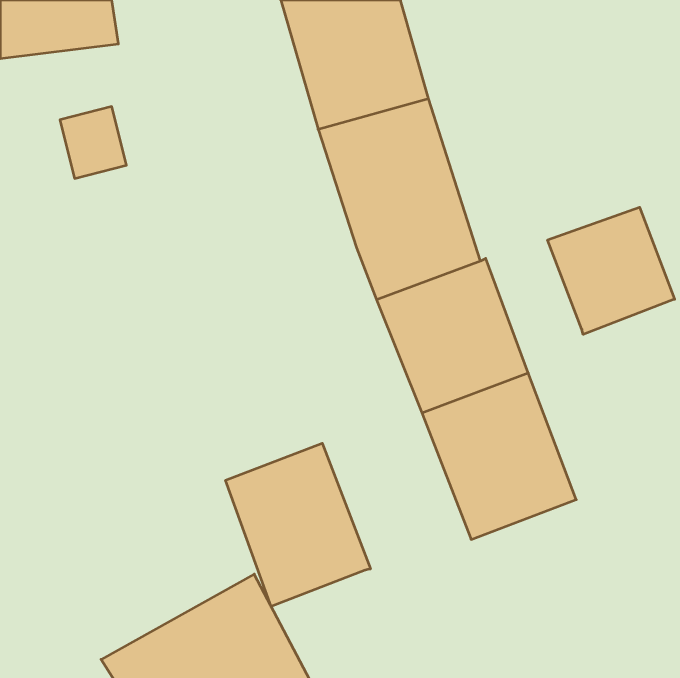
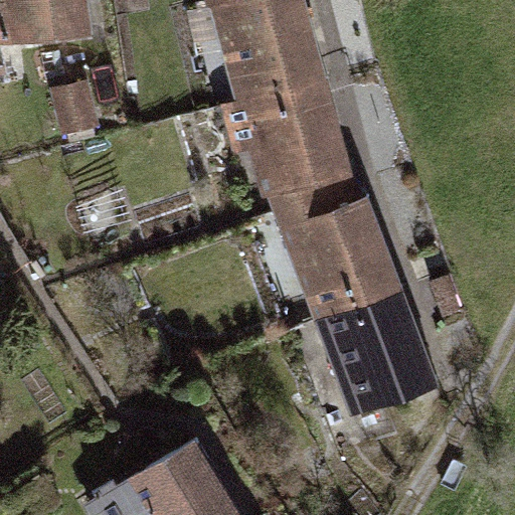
building: [548,207,675,334] -> none
building: [226,443,370,607] -> none

